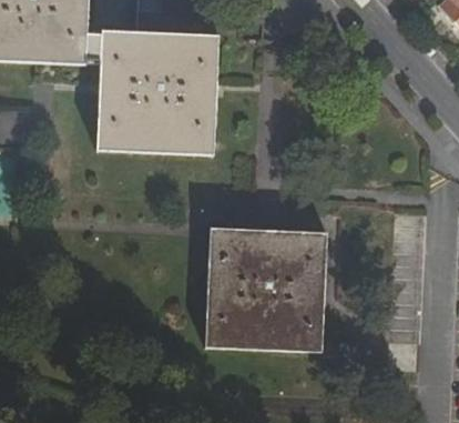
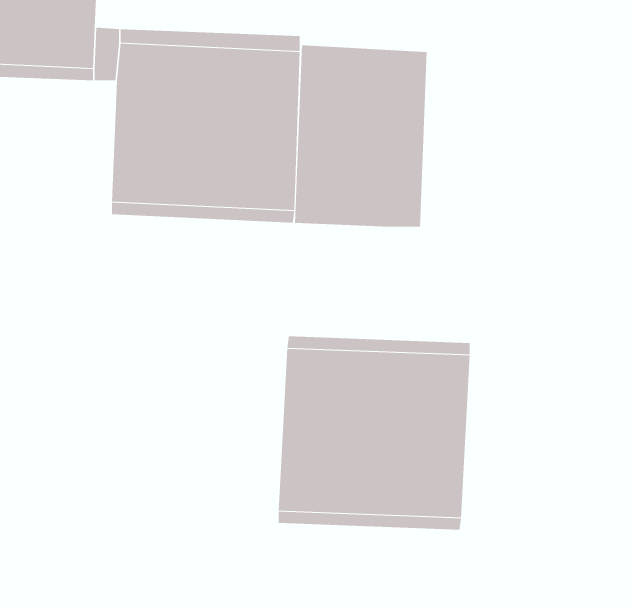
building: none -> [295,45,427,228]

